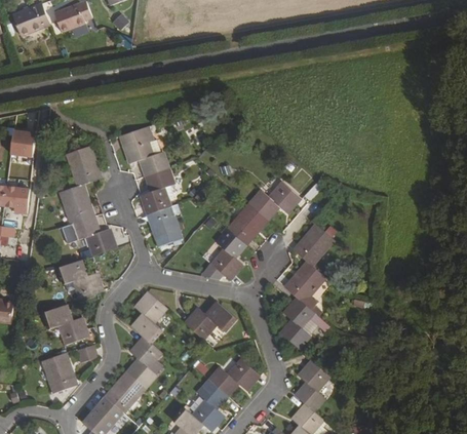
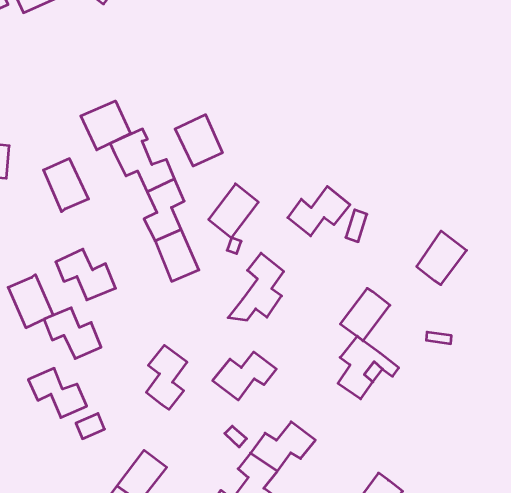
building: none -> [81,101,130,150]
building: none -> [175,115,222,166]
building: [60,184,92,224] -> [8,275,53,328]
building: [228,203,267,244] -> [209,184,258,238]
building: [294,224,333,265] -> [417,231,467,285]
building: [127,339,160,387] -> none
building: [43,352,74,390] -> none
building: [296,360,327,409] -> none

